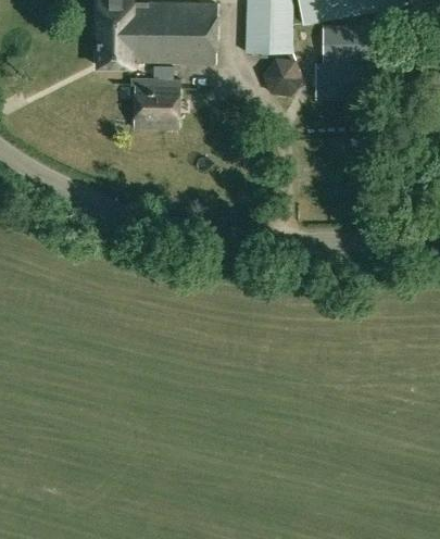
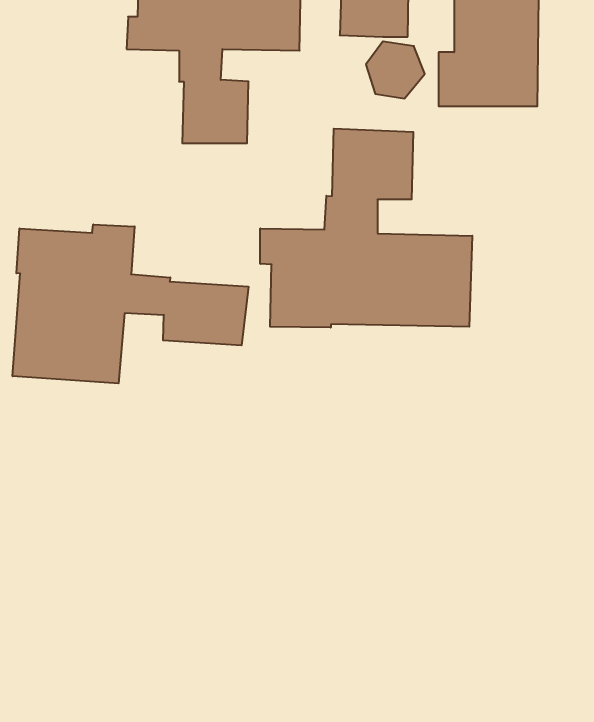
building: none -> [260,129,472,328]
building: none -> [13,224,248,383]

